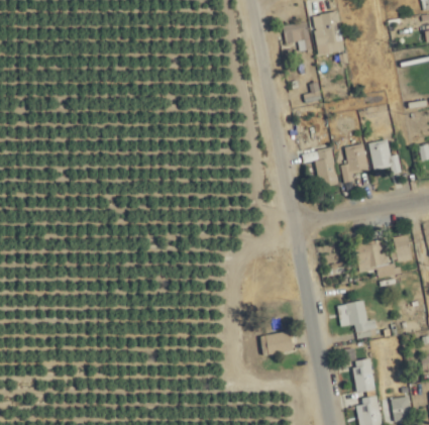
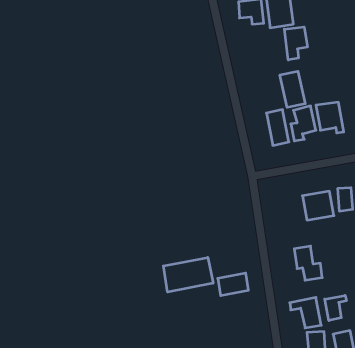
building: none -> [284,27,307,60]
building: none -> [280,71,305,107]
building: none -> [163,257,213,292]
building: none -> [325,295,346,321]

